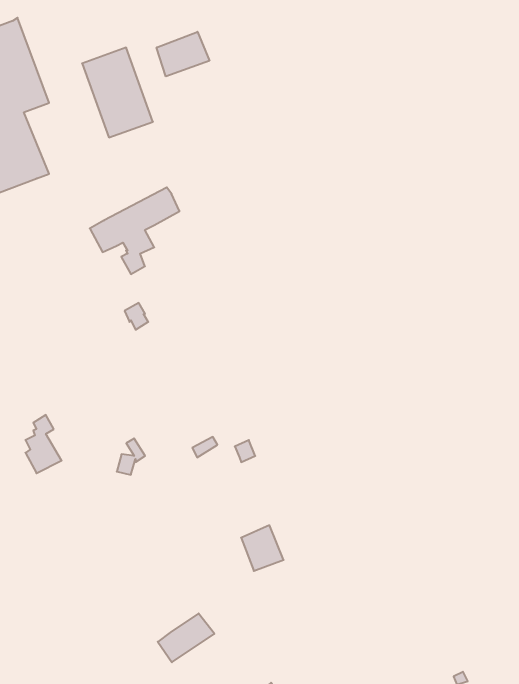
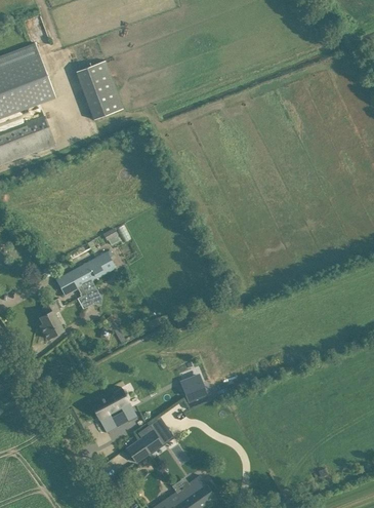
building: [157,32,209,76] -> none
building: [90,187,180,274] -> [56,252,115,309]
building: none -> [89,387,135,432]

